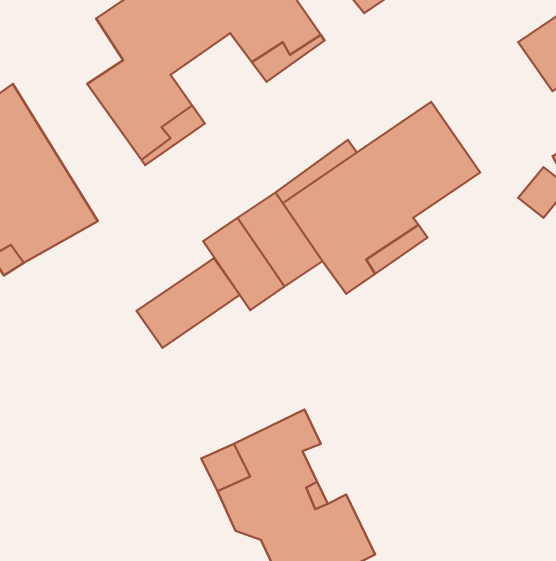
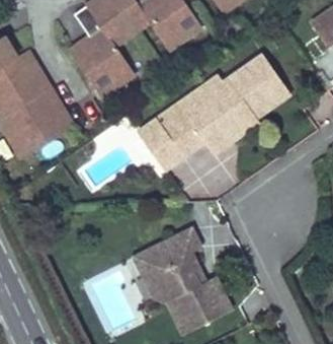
building: [136,258,240,348] -> none

